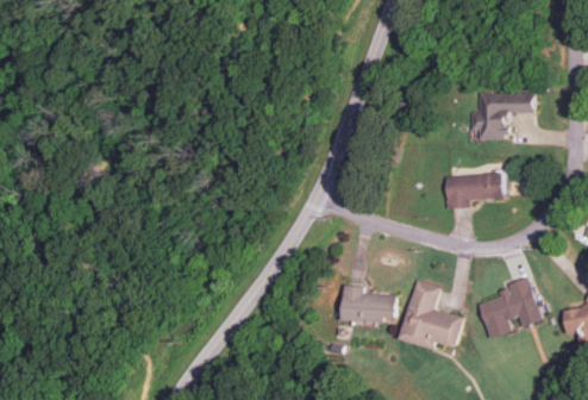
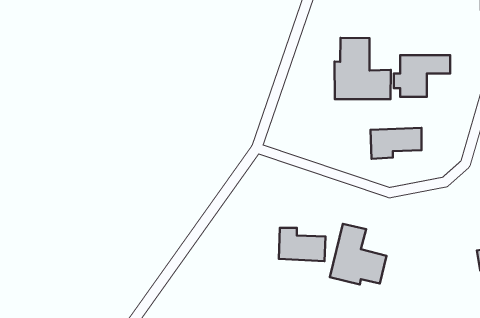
building: none -> [335,38,391,99]
building: [478,277,538,338] -> none

